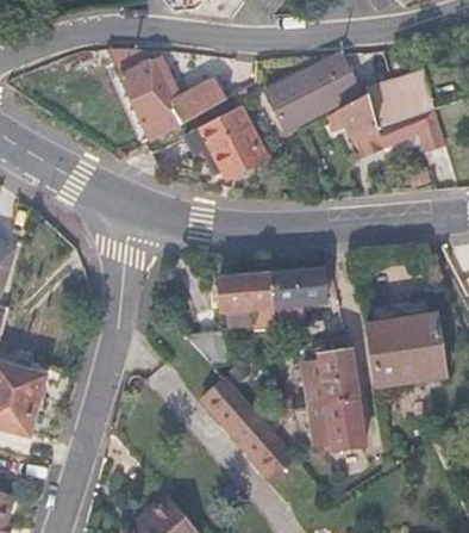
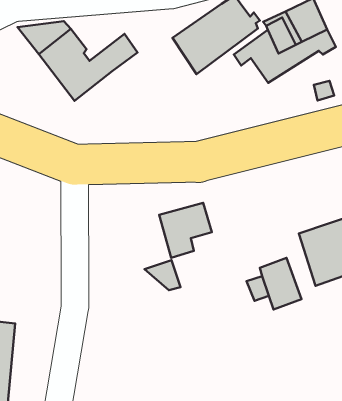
building: [195,94,263,178] -> none
building: [269,269,325,327] -> none
building: [195,368,301,485] -> none
building: [317,397,364,450] -> none

